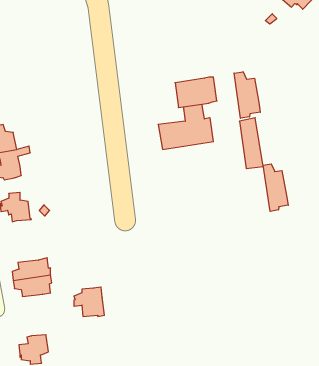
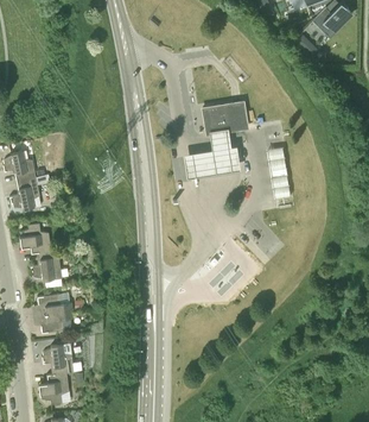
building: [234,72,260,118] -> none
building: [263,164,288,211] -> none
building: none -> [30,251,61,283]
building: [74,287,104,316] -> [42,345,74,376]

